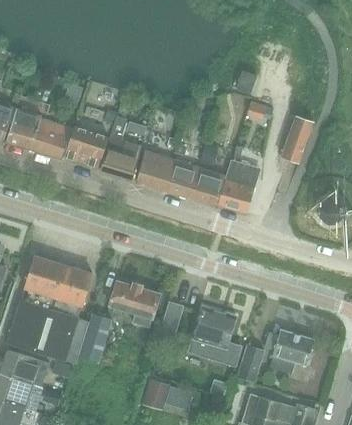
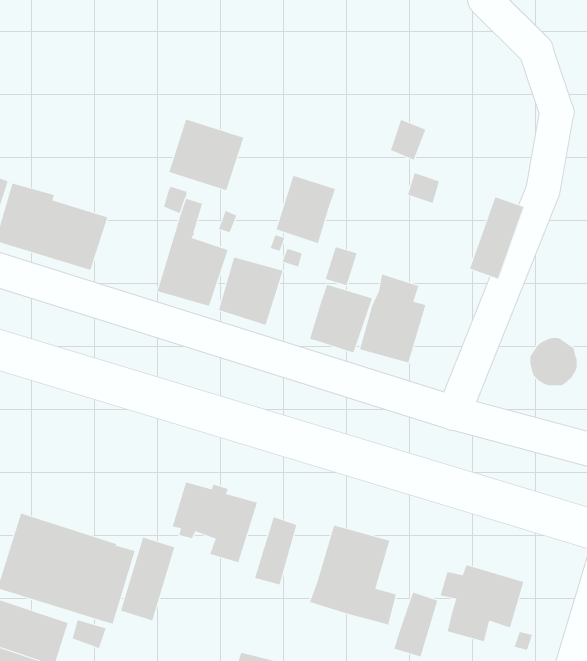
building: [64,125,108,167] -> [168,119,244,191]
building: [164,158,199,198] -> [276,175,336,244]
building: [21,255,91,317] -> none

